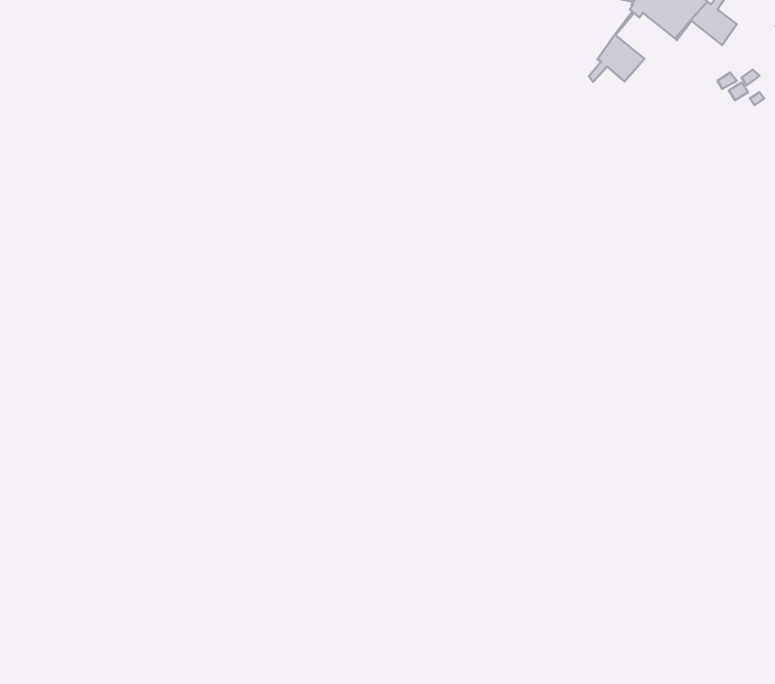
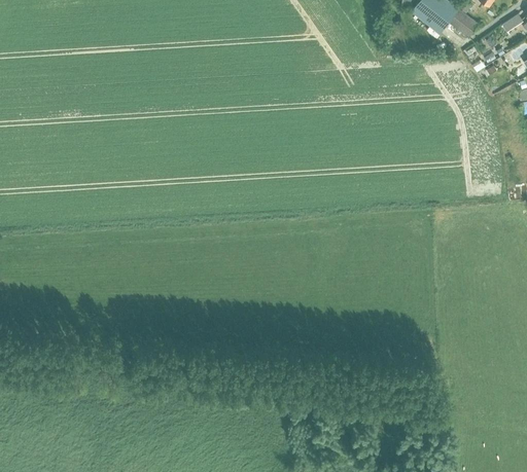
building: [589,12,645,82] -> none

